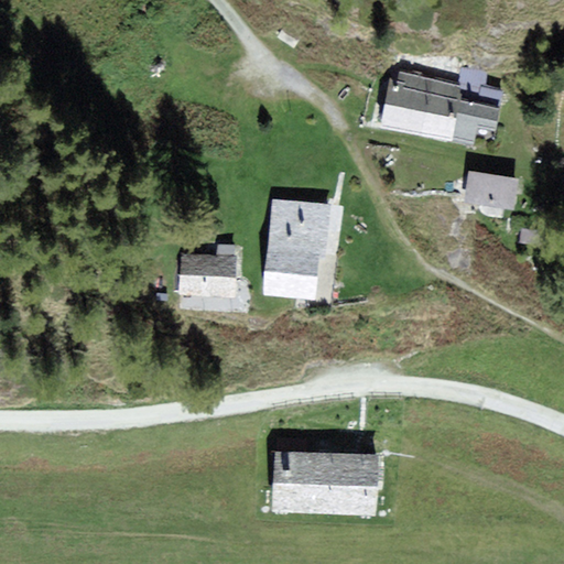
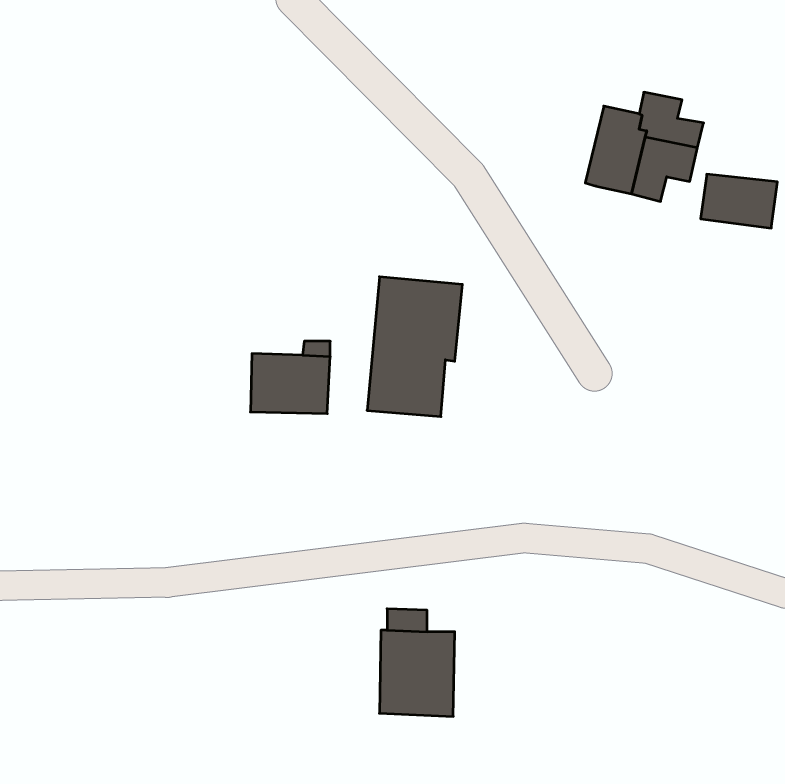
building: [382,69,433,131] -> none
building: [465,172,520,210] -> [701,174,777,228]
building: [325,453,379,516] -> none

